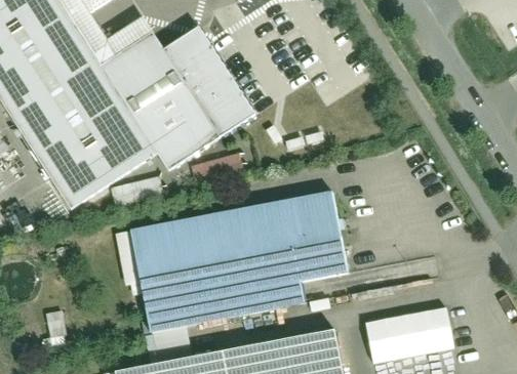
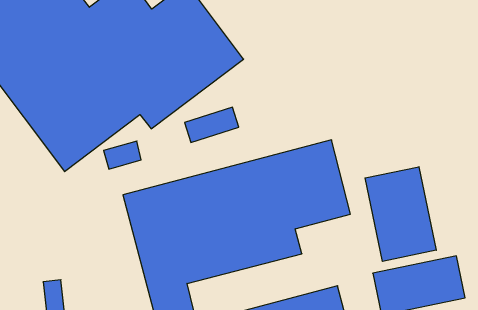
building: none -> [365,167,436,261]

